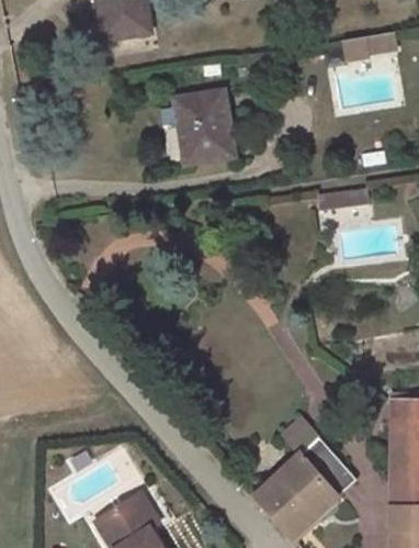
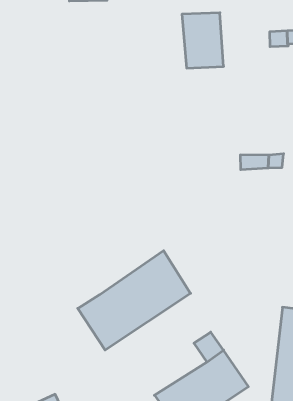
building: [175,90,231,160] -> [182,13,224,68]
building: none -> [78,251,191,350]

